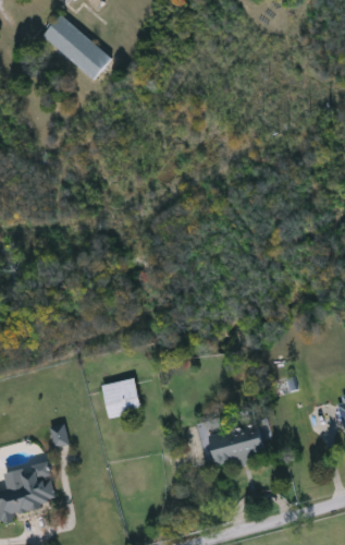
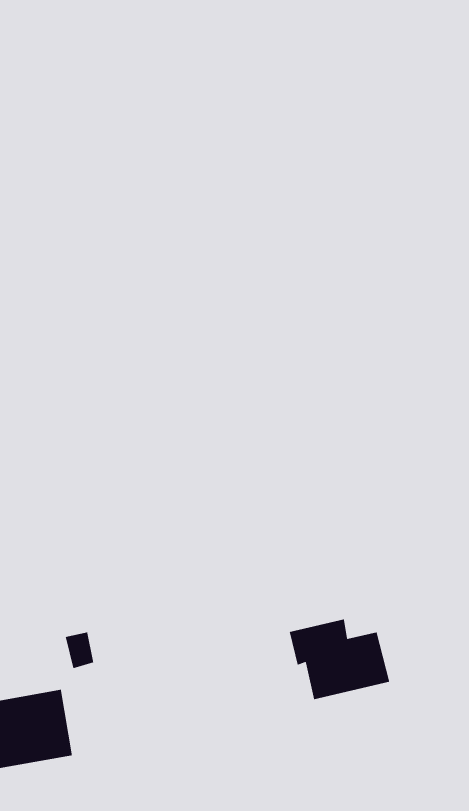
building: [42,15,111,80] -> none
building: [101,378,140,419] -> none

